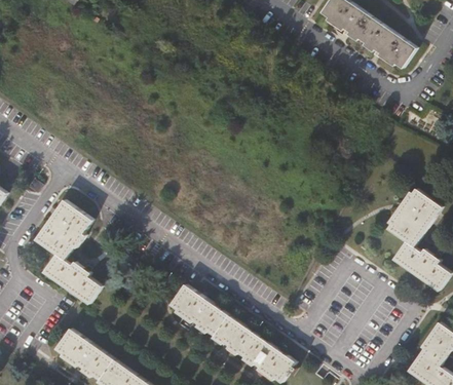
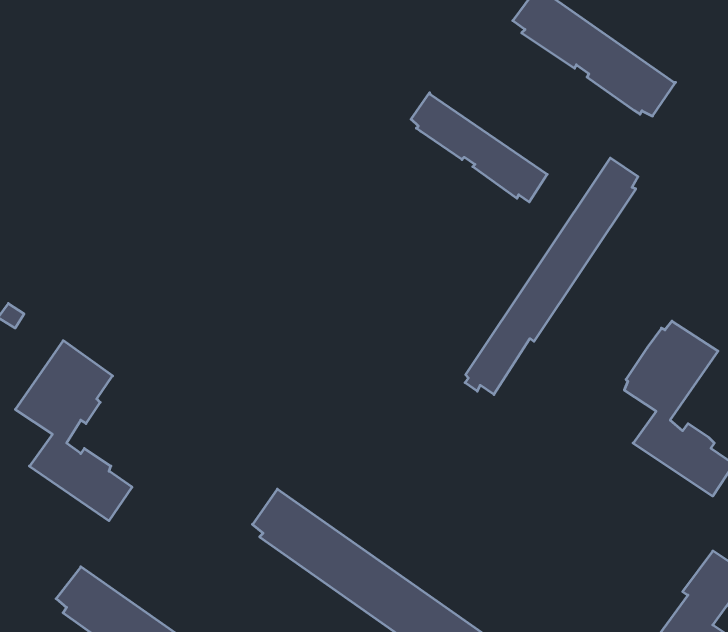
building: none -> [411,93,547,202]
building: none -> [465,158,638,395]

